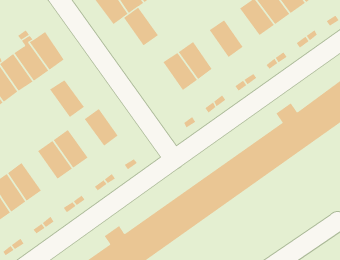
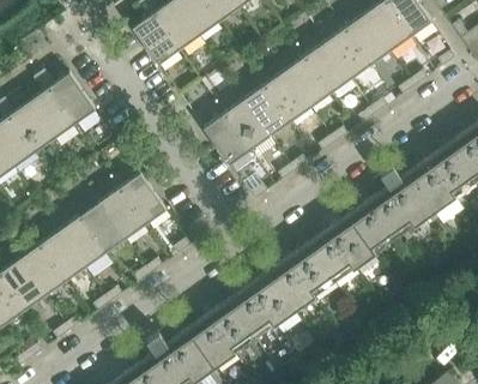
building: [123,7,159,46] -> [204,113,250,164]
building: none -> [305,42,351,92]
building: none -> [265,71,310,121]
building: [49,79,85,118] -> [101,187,147,238]
building: none -> [40,229,86,281]

